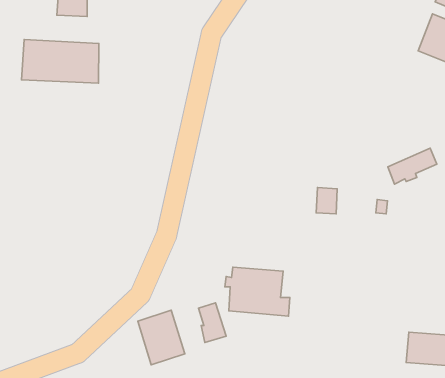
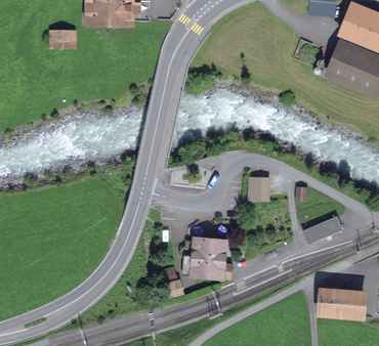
building: [22,40,99,83] -> none
building: [388,148,437,184] -> [303,216,341,244]
building: [138,310,185,365] -> none

